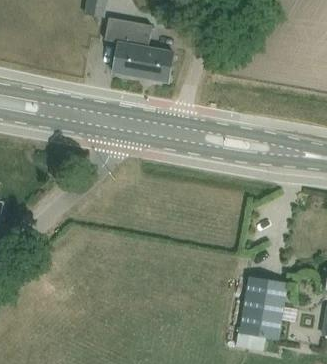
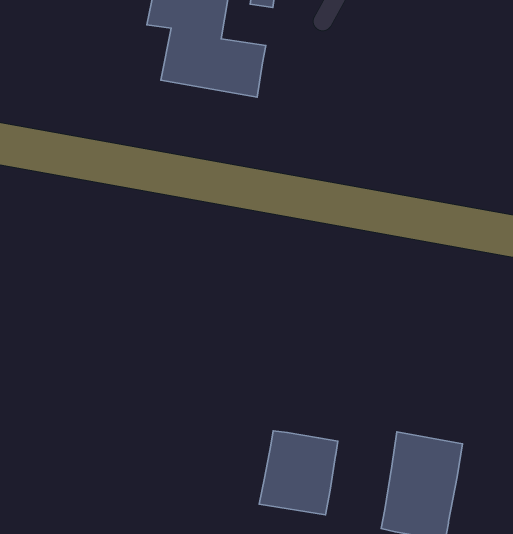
building: none -> [259,431,338,515]

